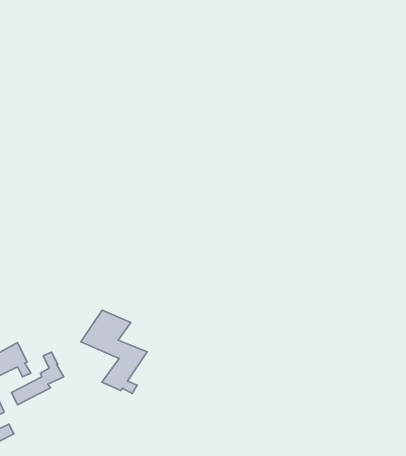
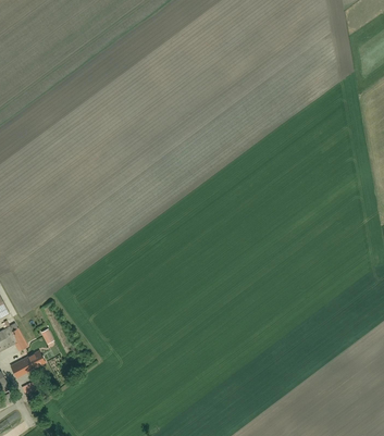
building: [81,310,147,394] -> none

